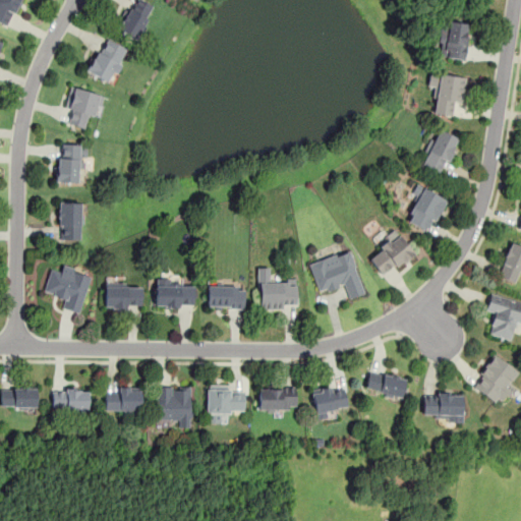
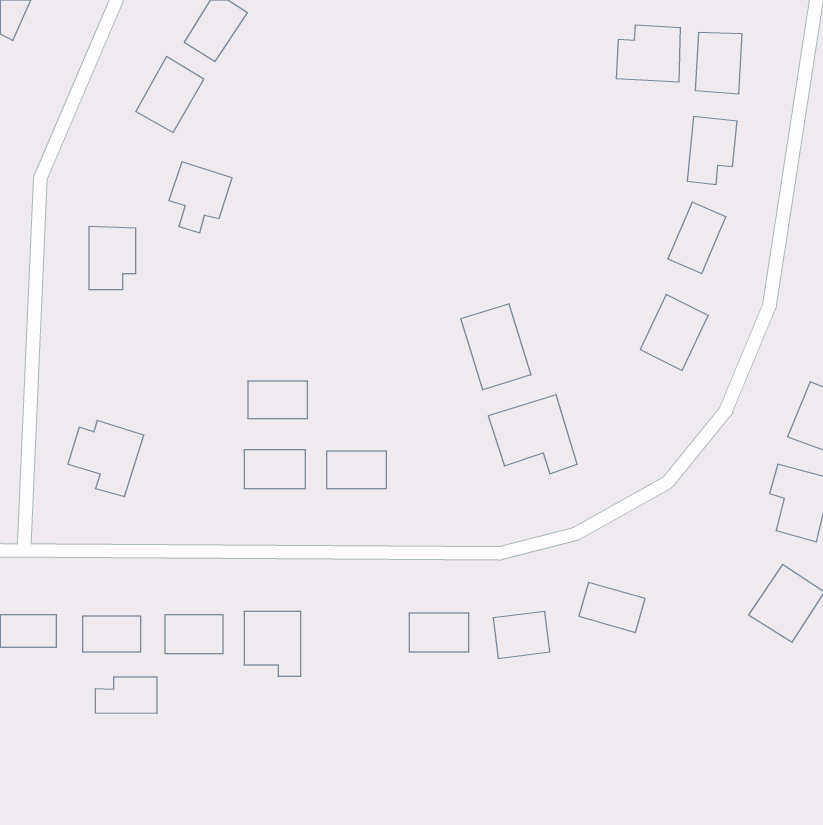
building: none -> [616,25,680,82]
building: [65,85,105,130] -> [169,162,232,233]
building: none -> [461,304,531,390]
building: [60,200,83,240] -> none
building: [368,233,415,278] -> none
building: [259,279,298,308] -> none
building: [105,285,142,308] -> [248,381,308,418]
building: [208,386,245,414] -> none
building: [423,393,464,419] -> none
building: none -> [95,677,157,714]

